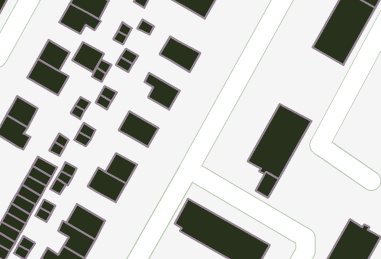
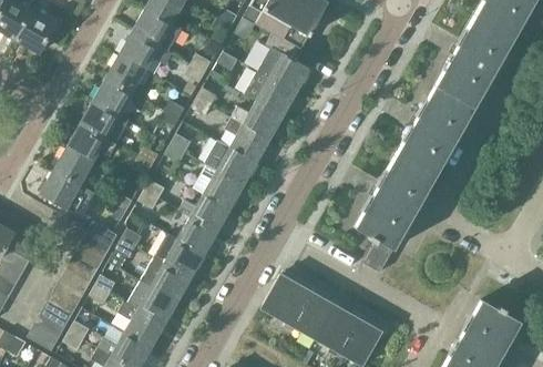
building: none -> [257,34,308,94]
building: [72,42,104,73] -> [105,55,145,93]
building: none -> [393,86,473,179]
building: none -> [230,102,281,141]
building: none -> [66,124,105,163]
building: none -> [204,142,256,187]
building: none -> [178,195,229,233]
building: none -> [141,259,189,303]

